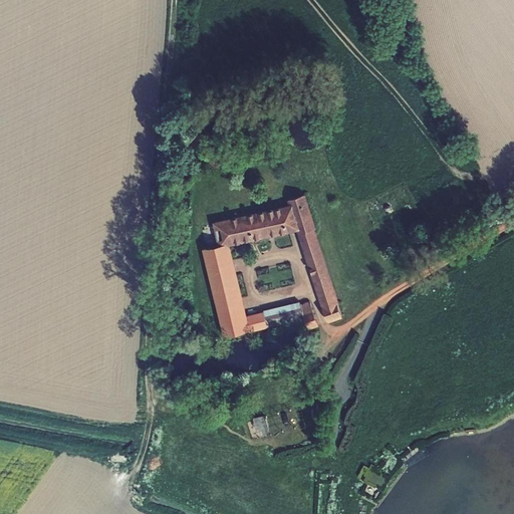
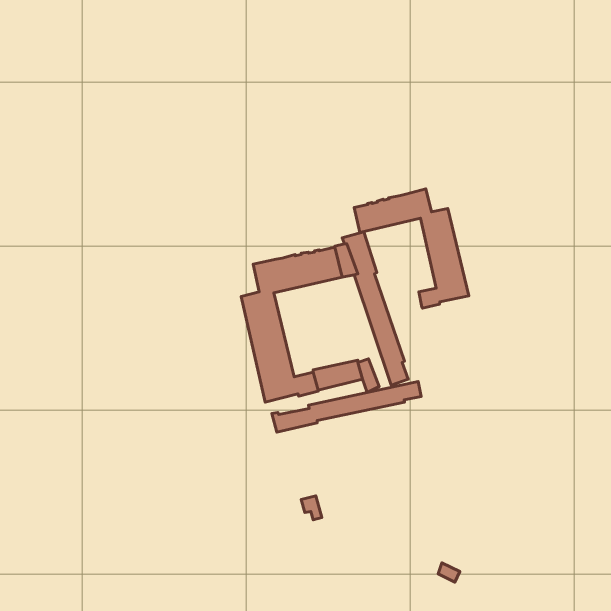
building: none -> [354,189,469,308]
building: none -> [272,382,421,432]

